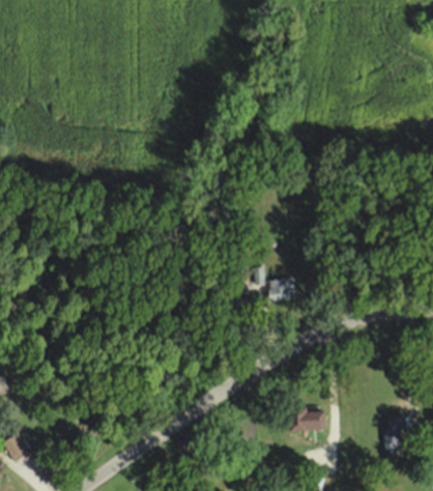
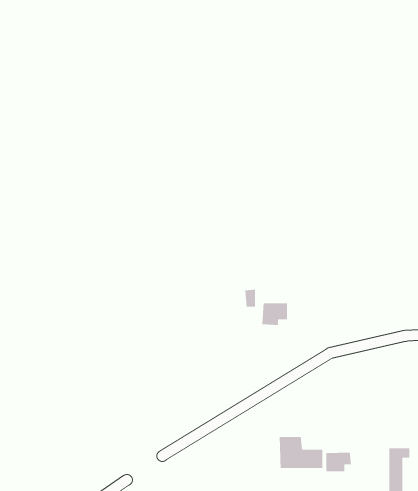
building: none -> [326,452,351,472]

